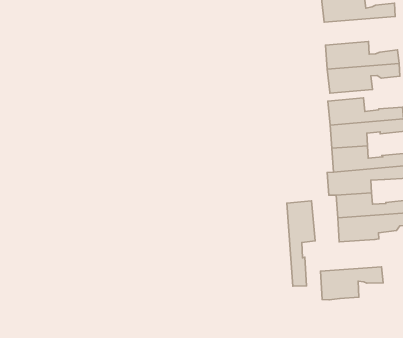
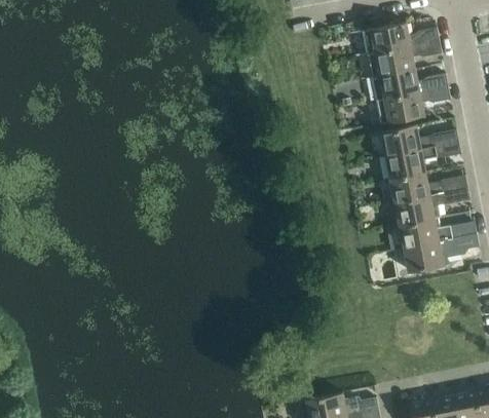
building: none -> [369,41,442,77]
building: [287,201,315,286] -> none
building: [320,267,383,300] -> none

